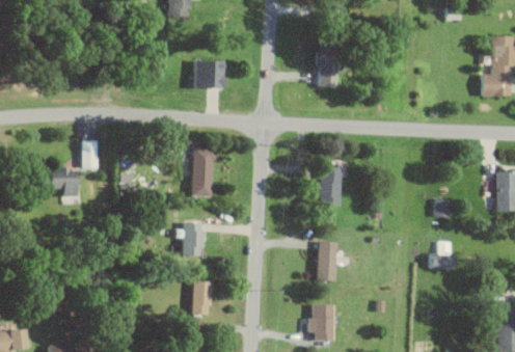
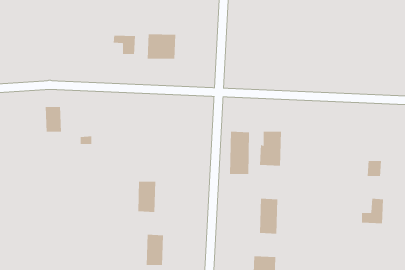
building: [316,55,337,87] -> none
building: none -> [113,35,135,55]
building: [192,148,215,196] -> [229,131,250,175]
building: [47,168,78,196] -> none

